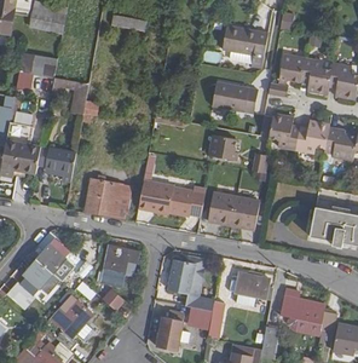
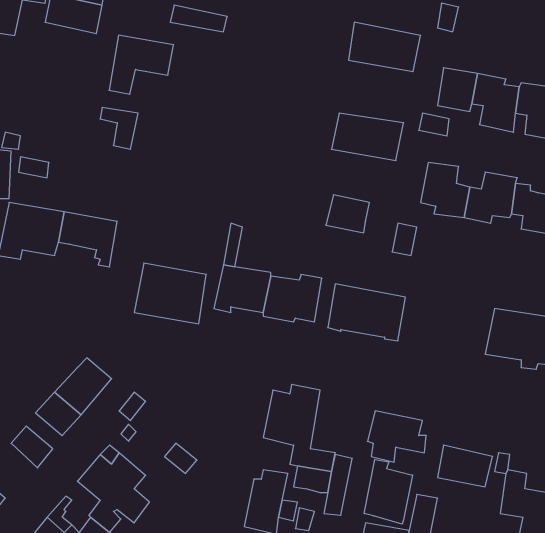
building: [15,52,56,90] -> [109,35,174,94]
building: [102,244,139,286] -> none
building: none -> [364,459,413,524]

